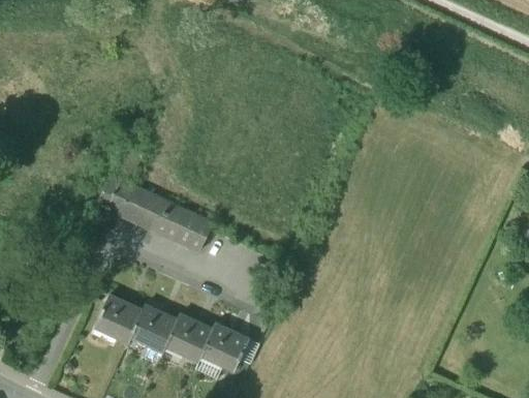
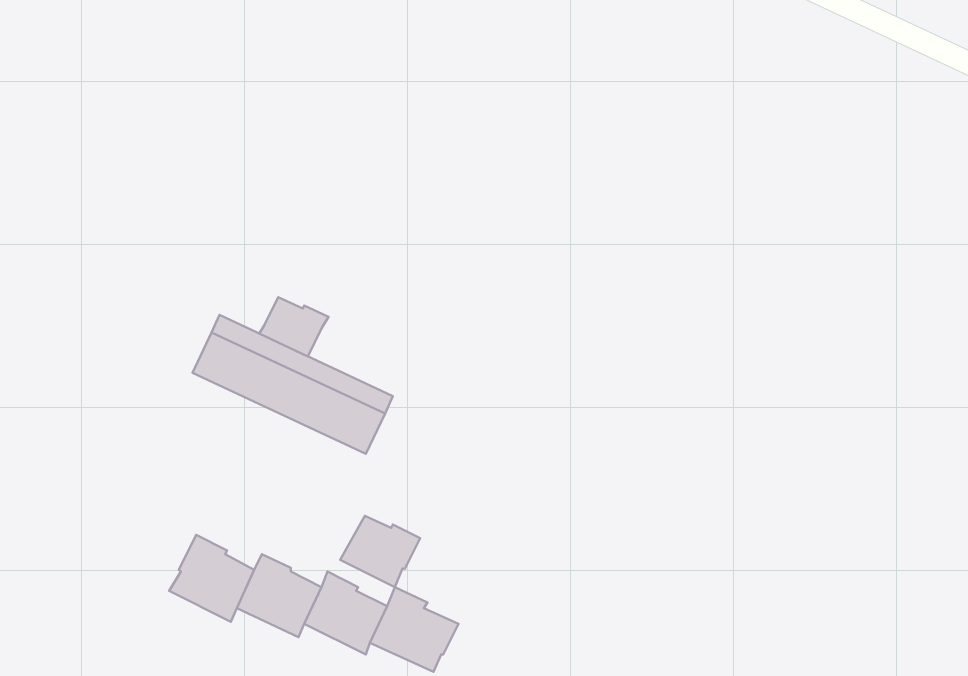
building: none -> [259,297,329,356]
building: none -> [340,516,420,587]

